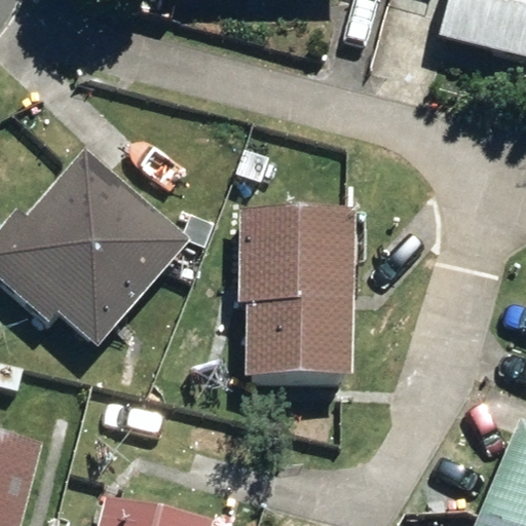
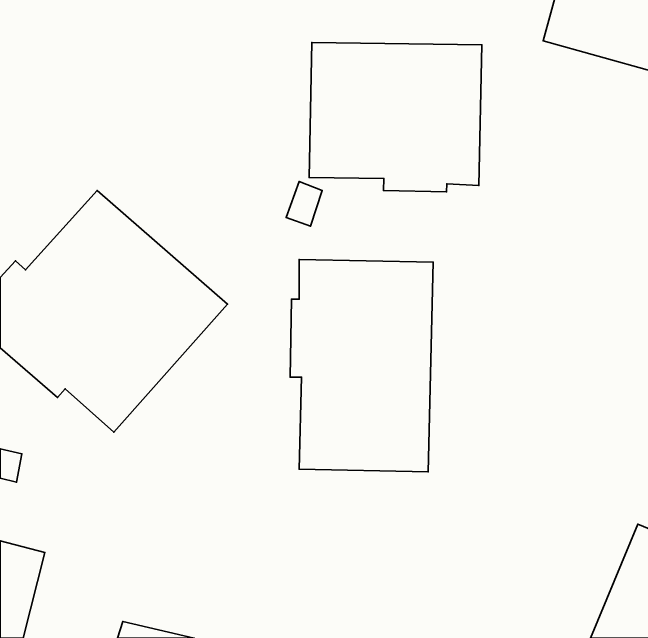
building: none -> [309,43,482,192]

